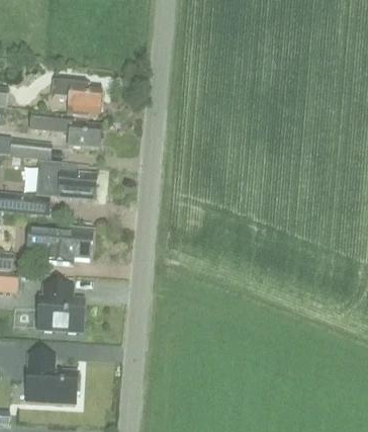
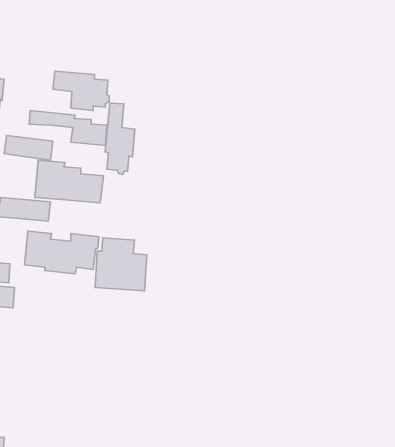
building: none -> [105,103,135,174]
building: [37,283,84,331] -> [95,238,147,291]
building: [27,352,79,401] -> none

